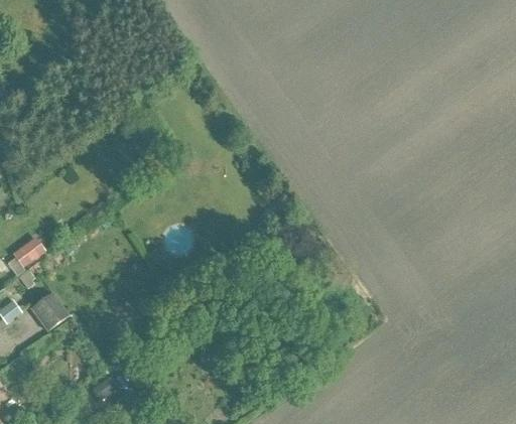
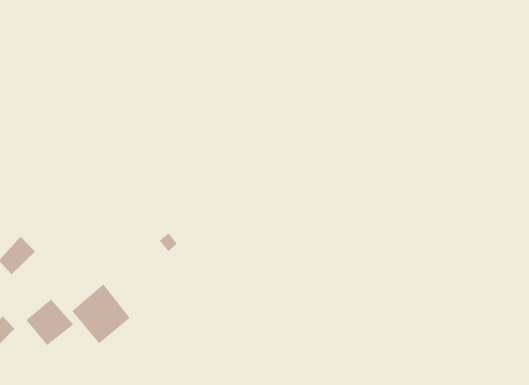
building: none -> [71,283,130,344]

